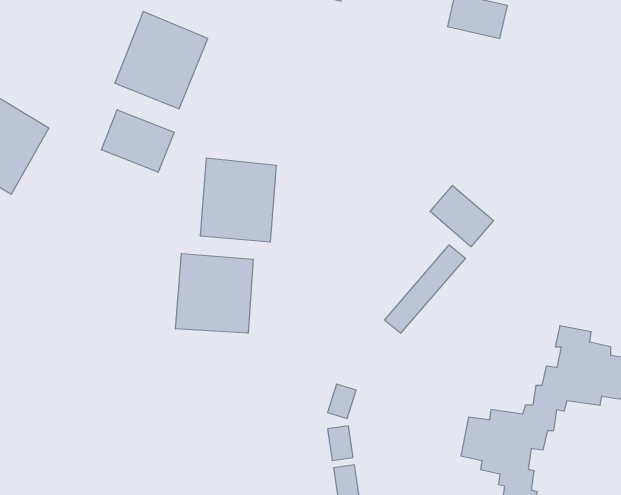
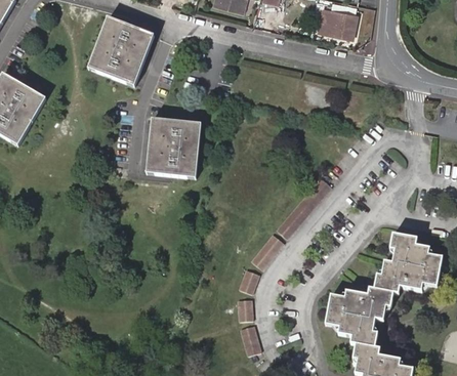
building: [101,110,174,172] -> none
building: [430,185,494,247] -> none
building: [176,253,253,333] -> none
building: none -> [247,236,280,273]

